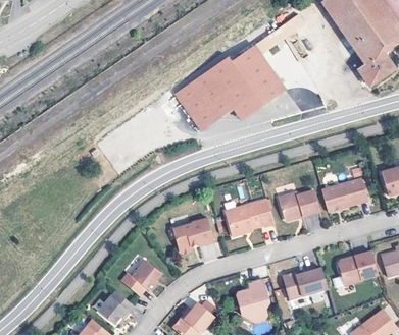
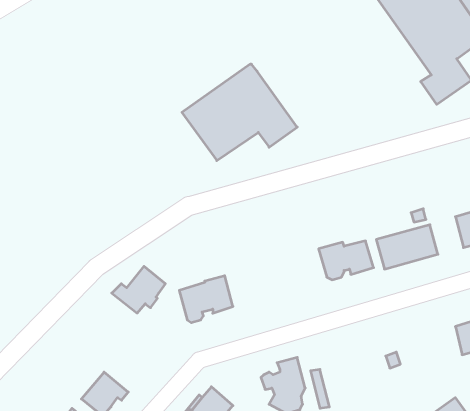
building: [232,20,295,104] -> none
building: [225,199,273,236] -> none
building: [338,252,379,286] -> none
building: [119,259,160,294] -> [112,266,165,313]
building: [283,268,328,299] -> none

